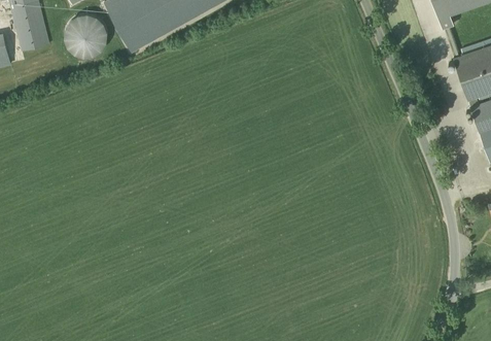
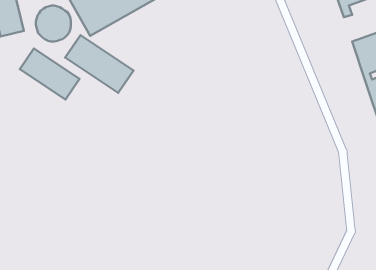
building: none -> [65,35,133,93]
building: none -> [20,48,79,100]

